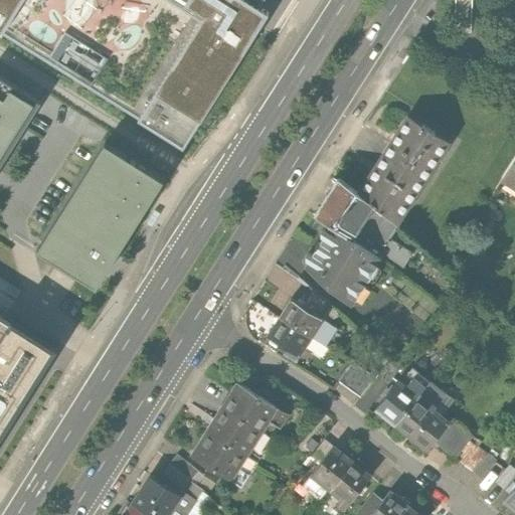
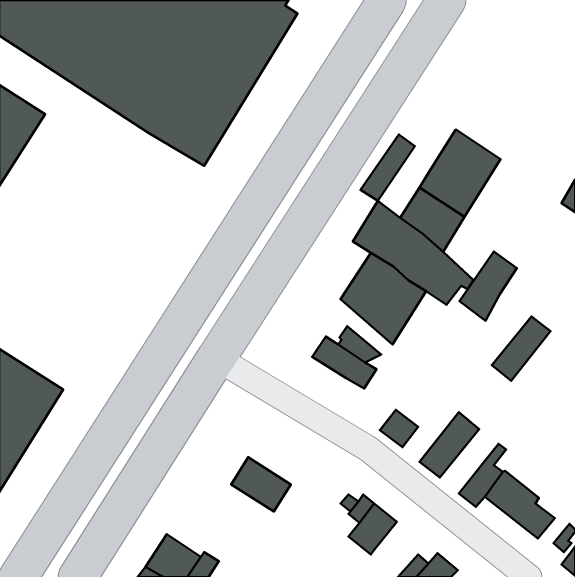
building: none -> [360,135,415,201]
building: [36,142,163,287] -> none
building: none -> [459,251,517,321]
building: [268,318,309,360] -> none
building: [392,382,445,440] -> [492,316,551,381]
building: [221,383,287,432] -> none
building: [191,432,248,488] -> none
building: [160,455,196,492] -> none
building: [333,465,372,506] -> none

